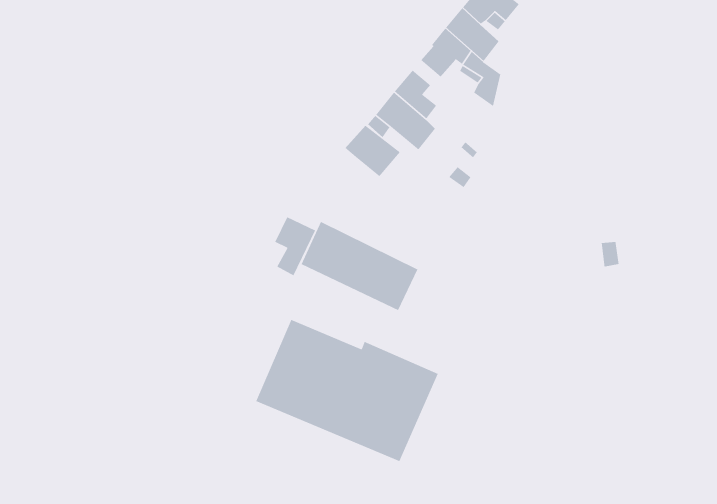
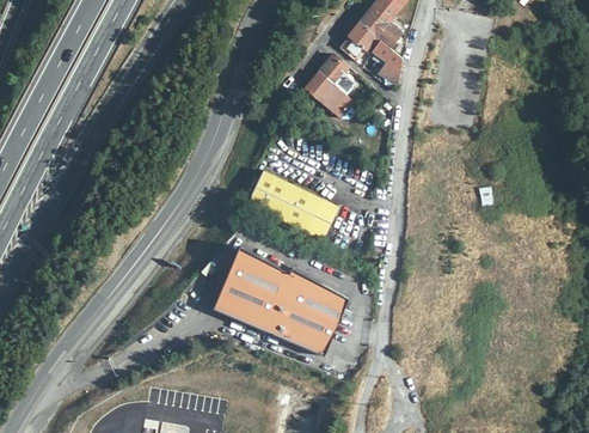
building: [344,125,401,177] -> none
building: [274,216,316,277] -> none

